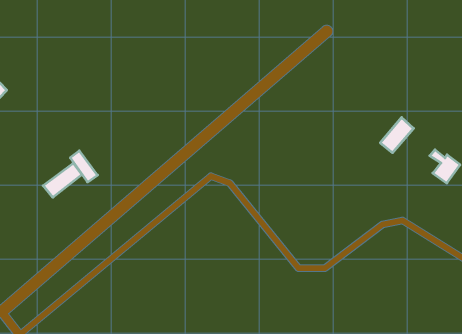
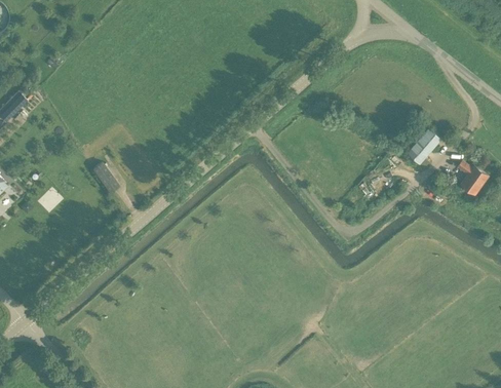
building: [43,163,82,197] -> none

